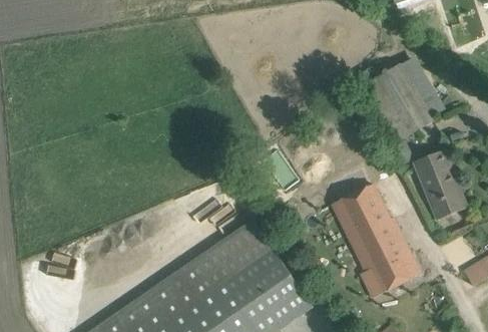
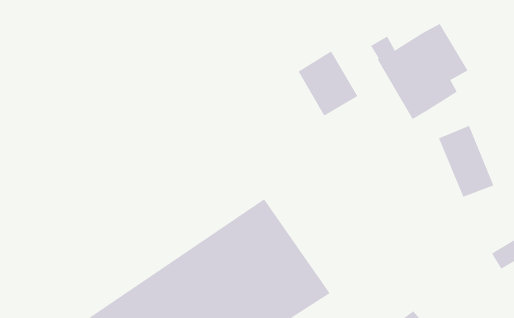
building: none -> [298,51,358,117]
building: [332,185,421,298] -> none

